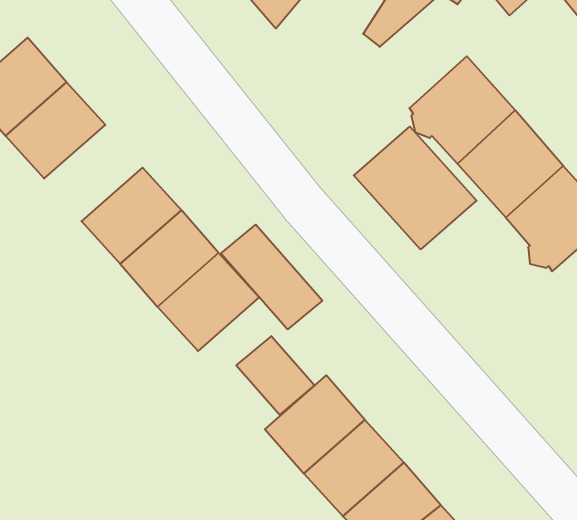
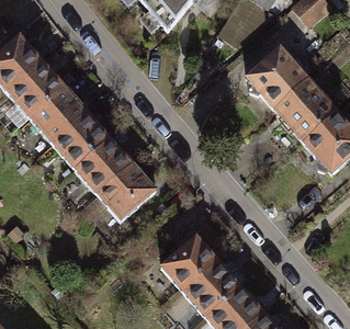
building: none -> [30,86,88,143]
building: [354,127,477,249] -> none
building: [221,225,322,329] -> none
building: [236,336,315,415] -> none

